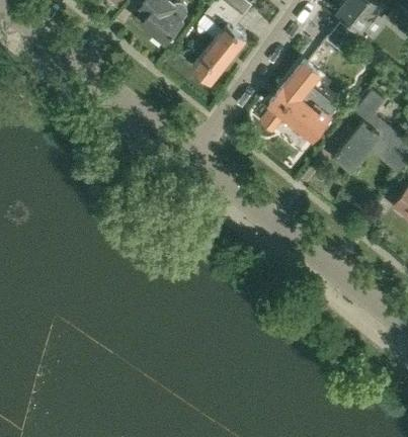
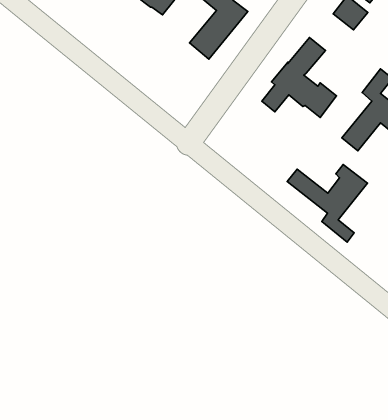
building: none -> [287,165,368,242]

